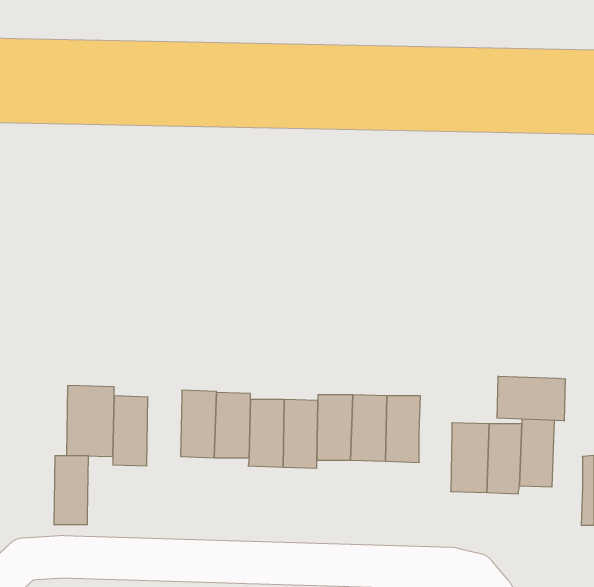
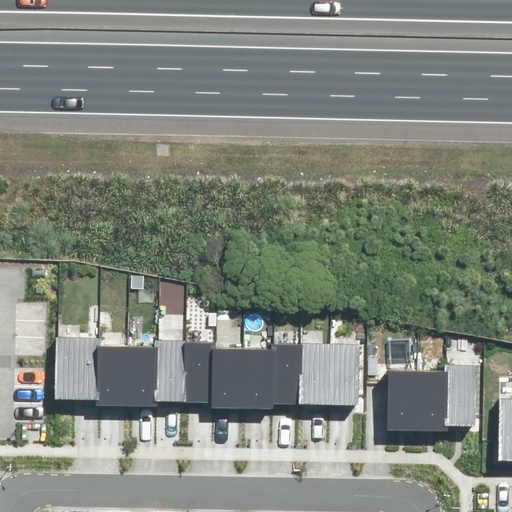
building: [497,376,565,421] -> none
building: [54,456,89,525] -> [126,348,156,407]

